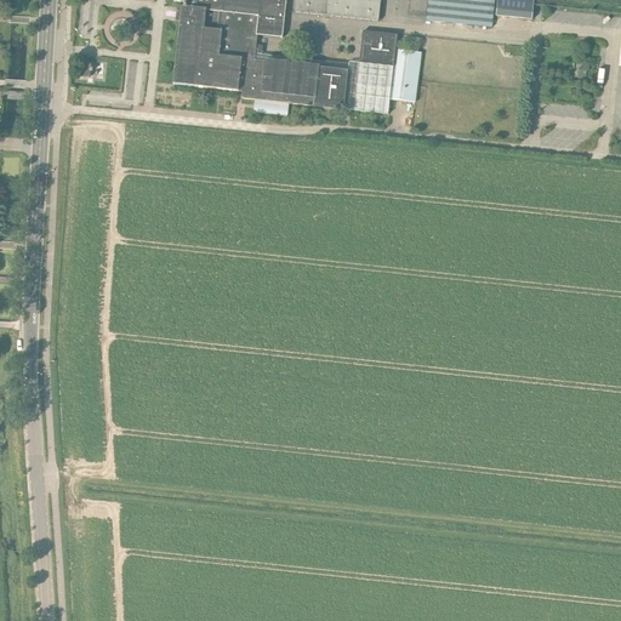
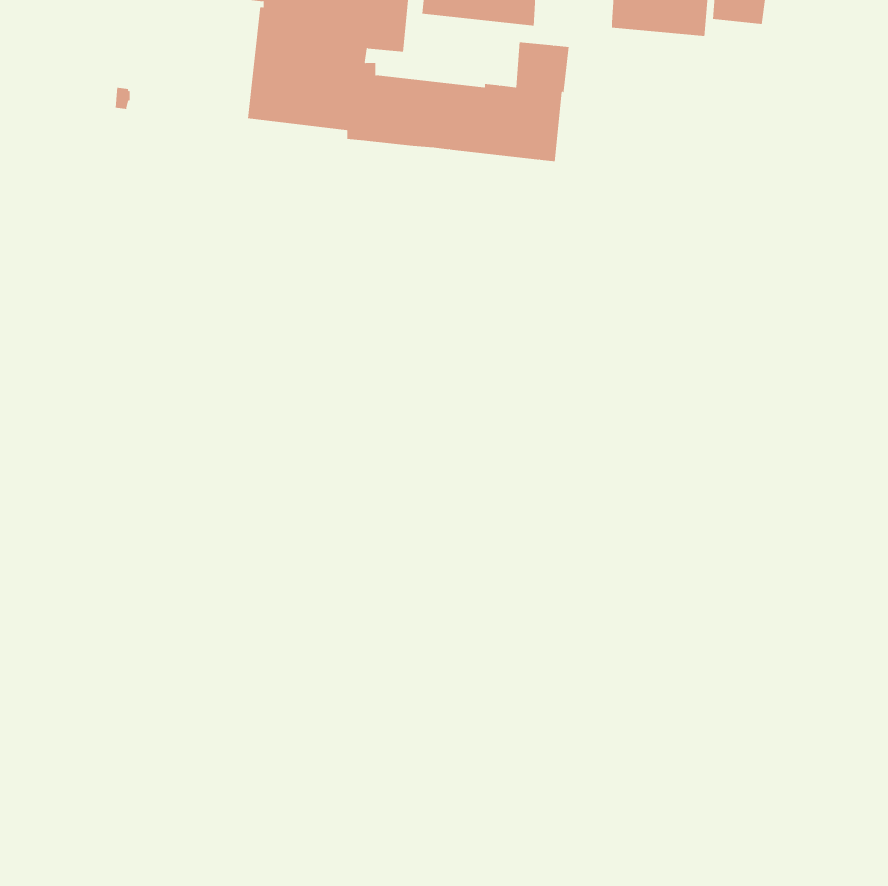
building: [392,49,422,101] -> none

